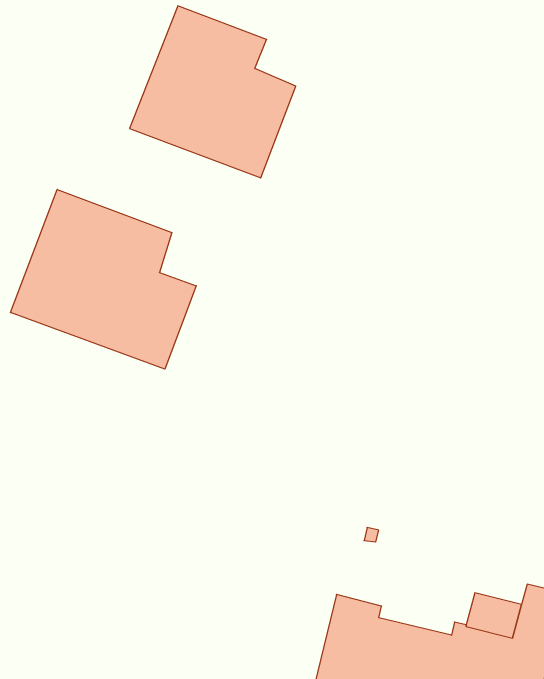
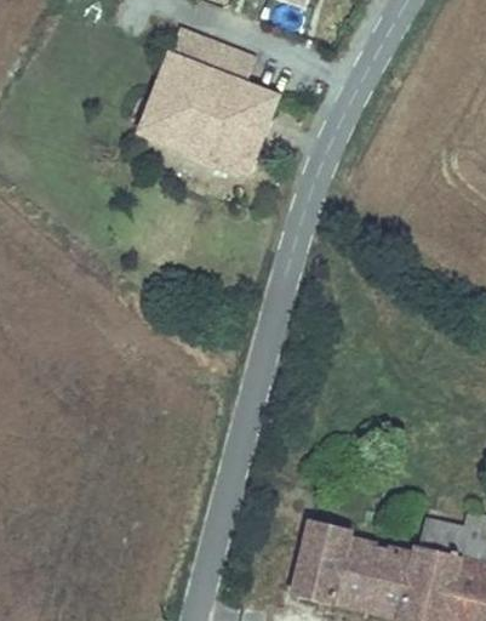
building: [11,189,196,369] -> none

